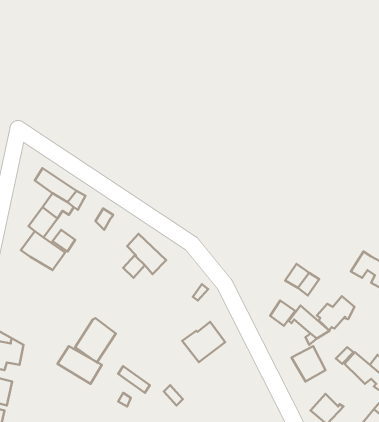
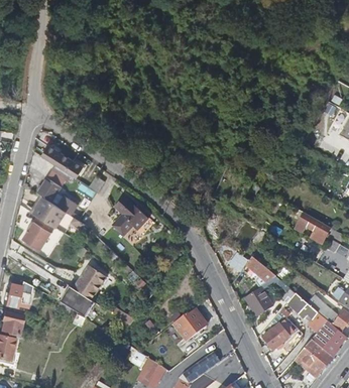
building: none -> [22,216,53,249]
building: [317,296,354,331] -> none
building: [182,322,225,362] -> [171,308,206,341]

